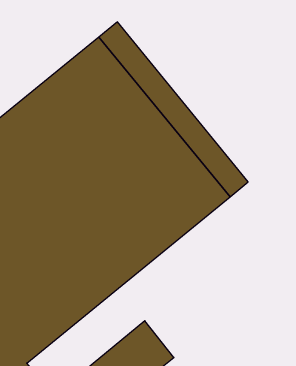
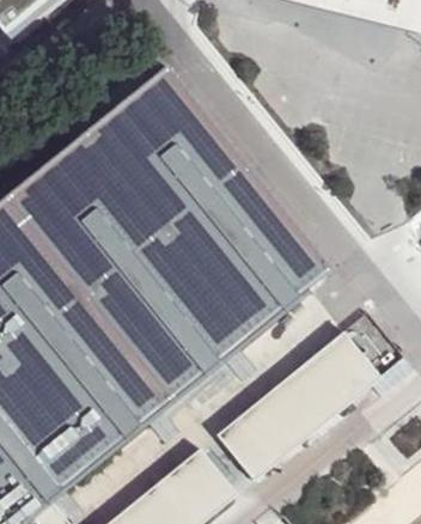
building: none -> [210,335,374,483]

